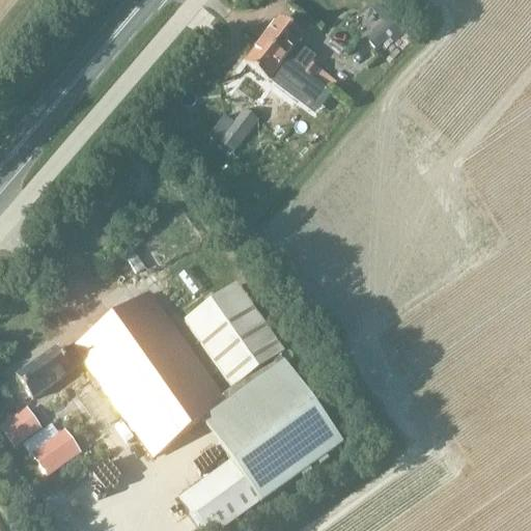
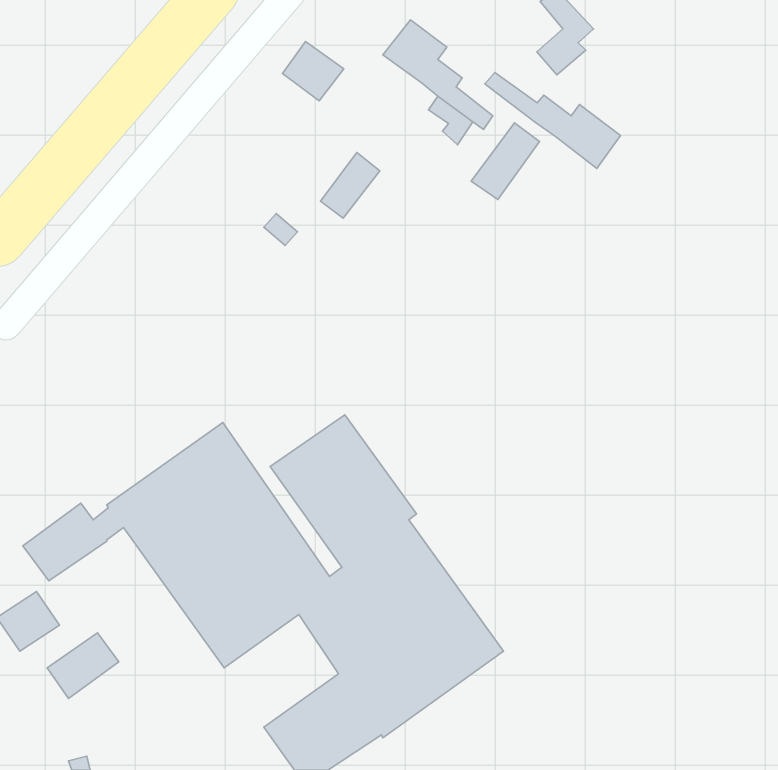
building: [245,37,286,78] -> [283,41,344,101]
building: none -> [485,72,621,169]
building: none -> [471,123,539,199]

